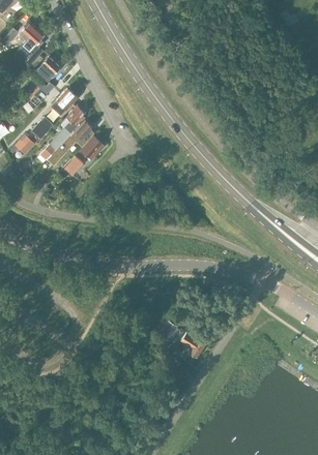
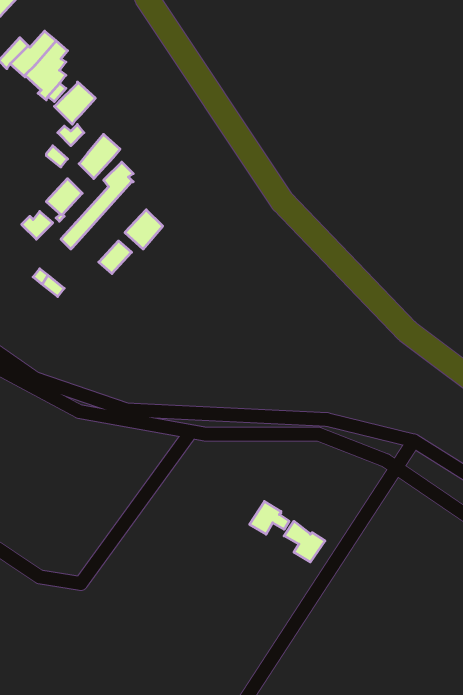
building: [47,118,93,165] -> none

